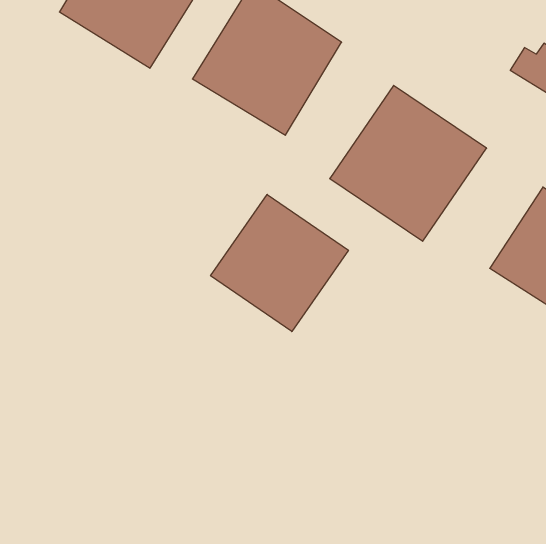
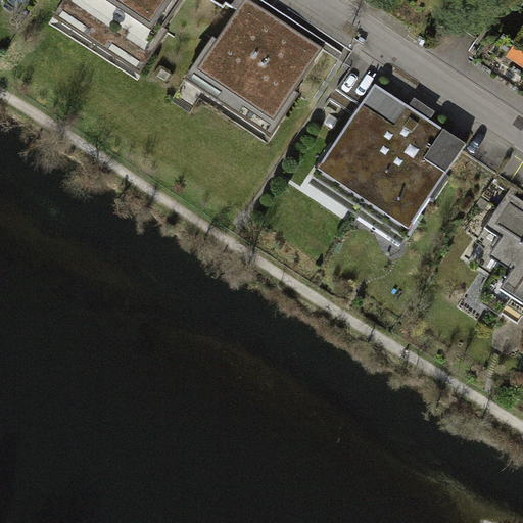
building: [211,194,348,332] -> none

